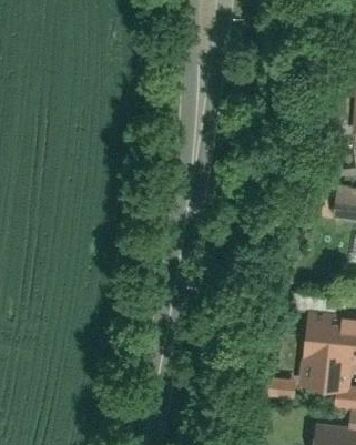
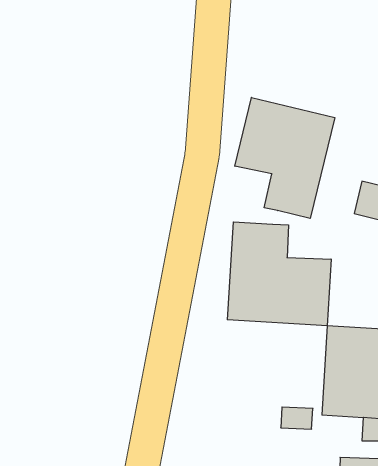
building: none -> [235,97,335,218]
building: none -> [227,222,331,326]

